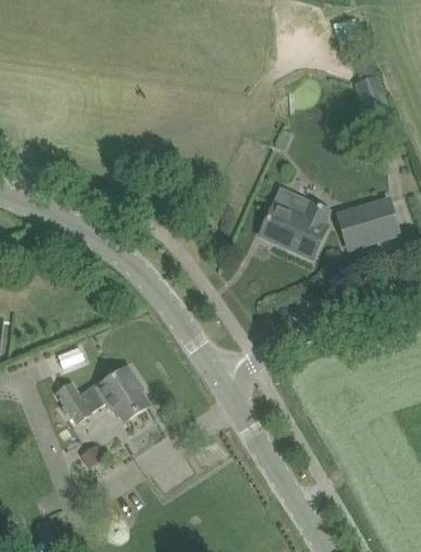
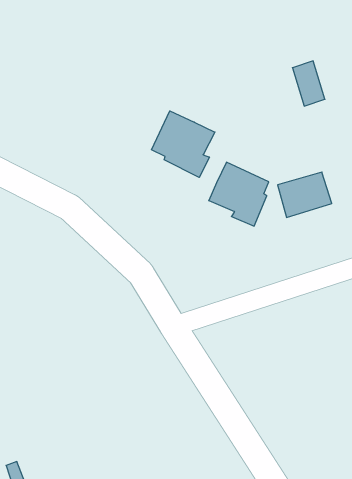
building: none -> [152,111,215,177]
building: [56,367,147,422] -> none

